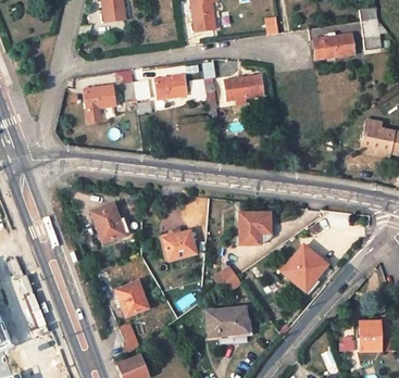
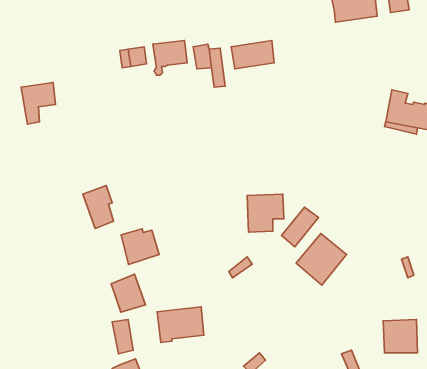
building: [84,85,114,122] -> [21,82,56,124]
building: none -> [282,207,319,247]
building: [162,229,196,261] -> [121,229,159,264]
building: [207,306,248,338] -> [157,307,204,343]

